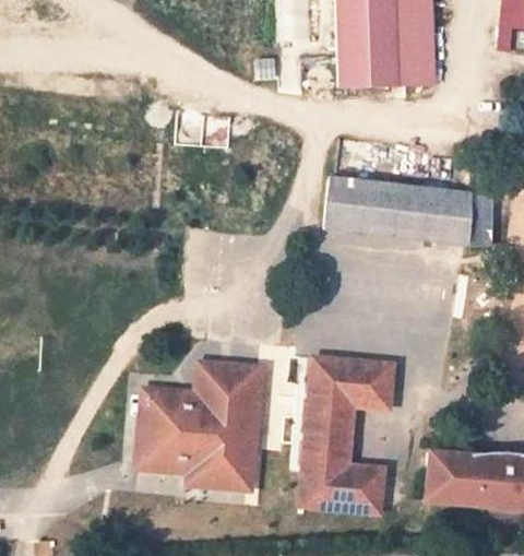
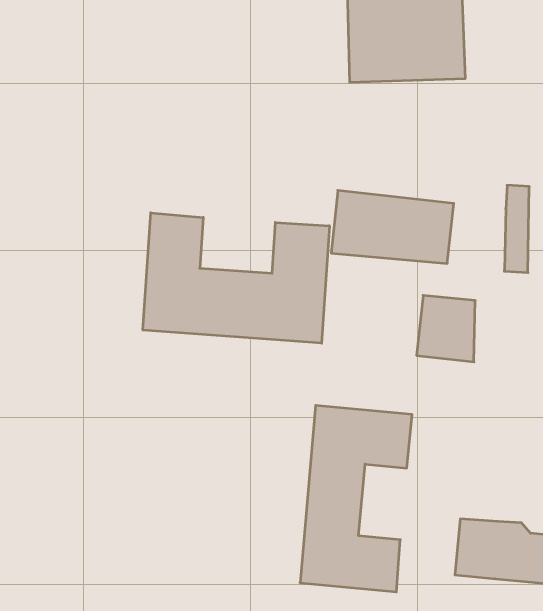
building: [421,188,471,244] -> [417,295,475,362]
building: none -> [143,213,329,343]
building: [139,365,258,487] -> none

